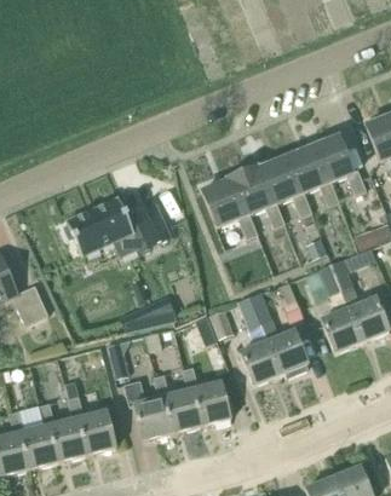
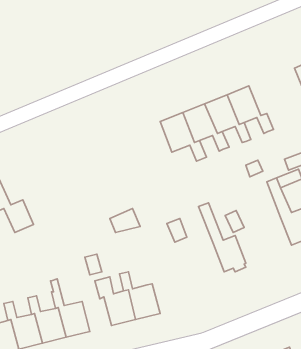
building: [310,135,367,194] -> none
building: [63,197,169,255] -> none
building: [305,264,362,352] -> none
building: [237,294,280,385] -> none
building: [180,367,230,425] -> none

